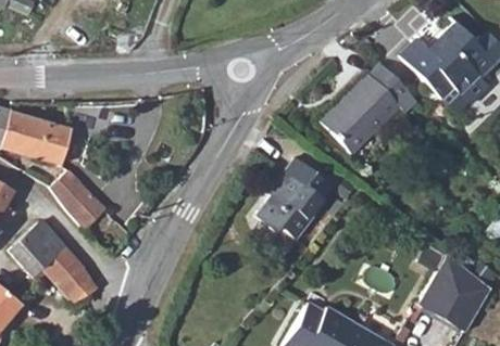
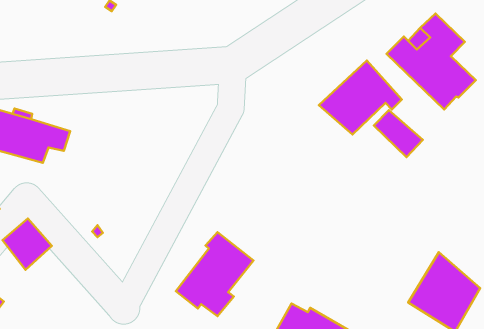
building: [318,107,367,154] -> [374,110,423,157]
building: [253,156,330,240] -> [176,232,253,316]
building: [50,170,104,229] -> none
building: [41,247,98,304] -> none

